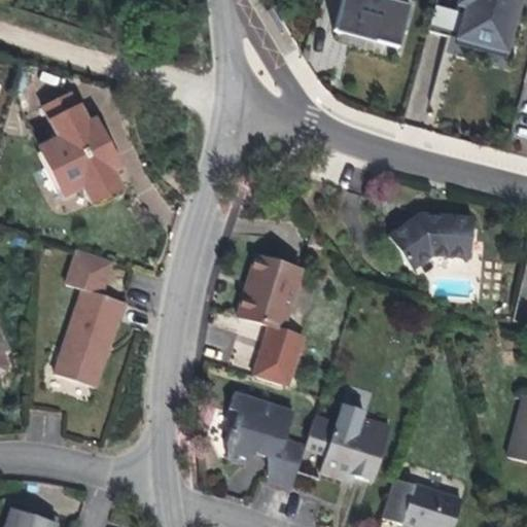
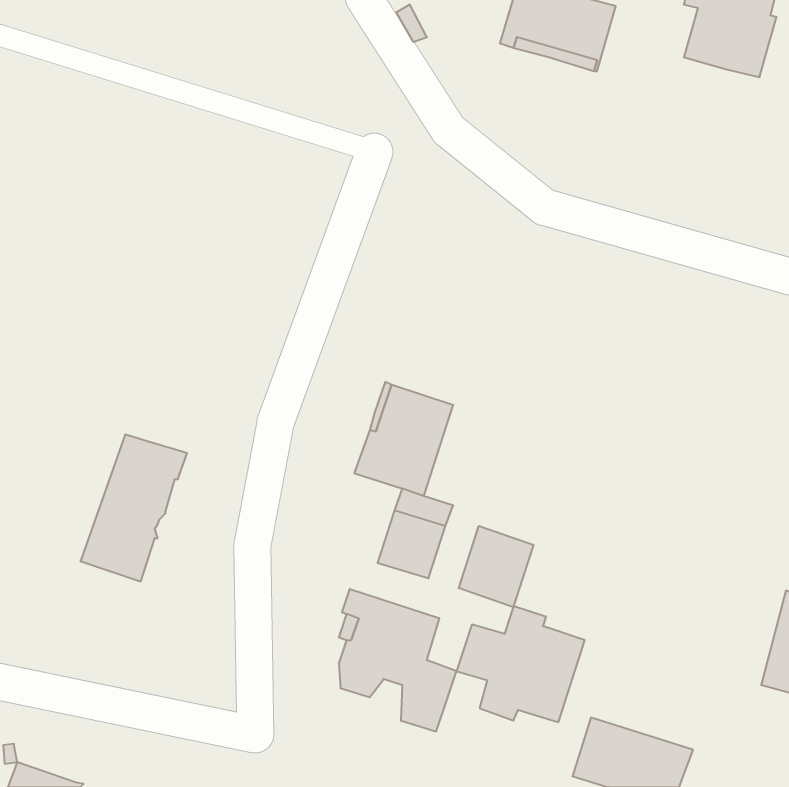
building: [39,93,121,202] -> none
building: [388,212,472,269] -> none
building: [66,248,112,294] -> none
building: none -> [459,526,533,607]

